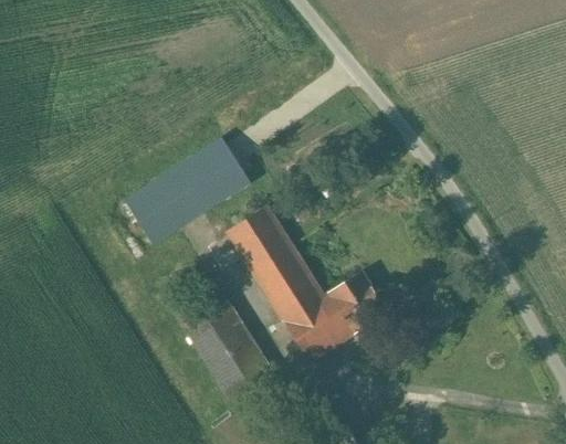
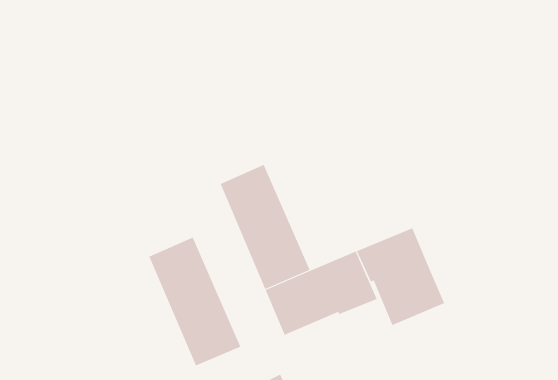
building: [126,137,251,243] -> none
building: none -> [356,228,445,326]

